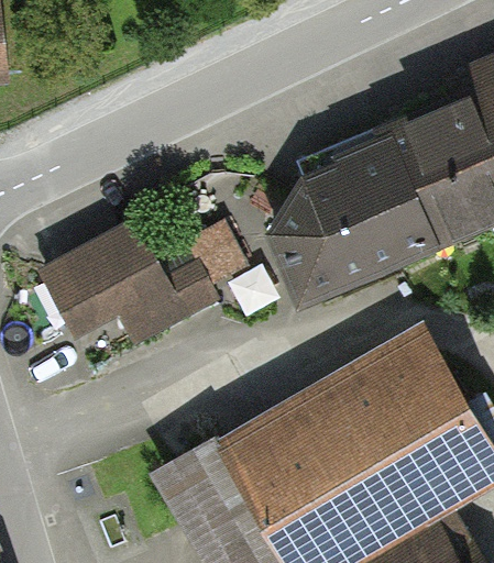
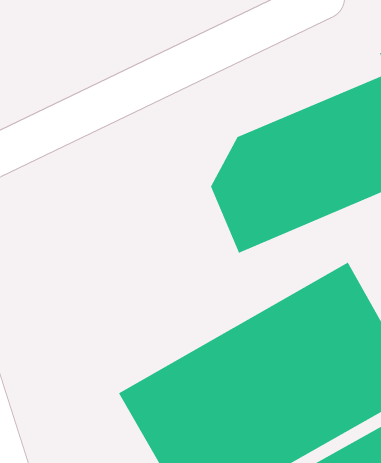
building: [43,214,262,364] -> none

